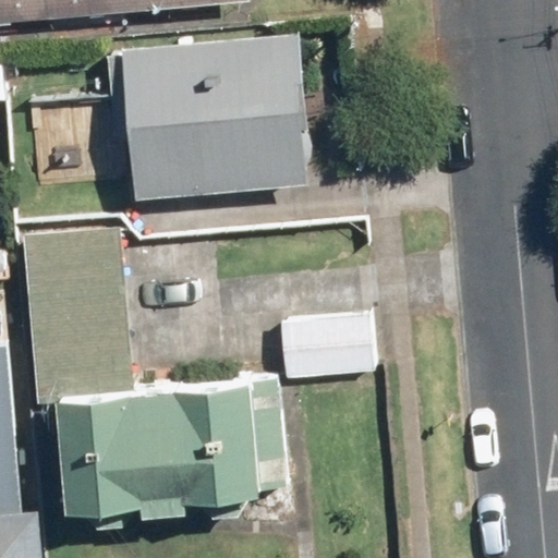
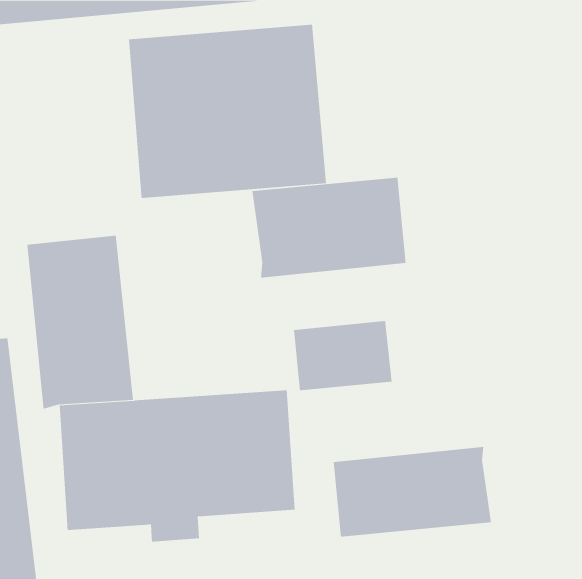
building: none -> [252,177,406,278]
building: none -> [333,446,492,537]

